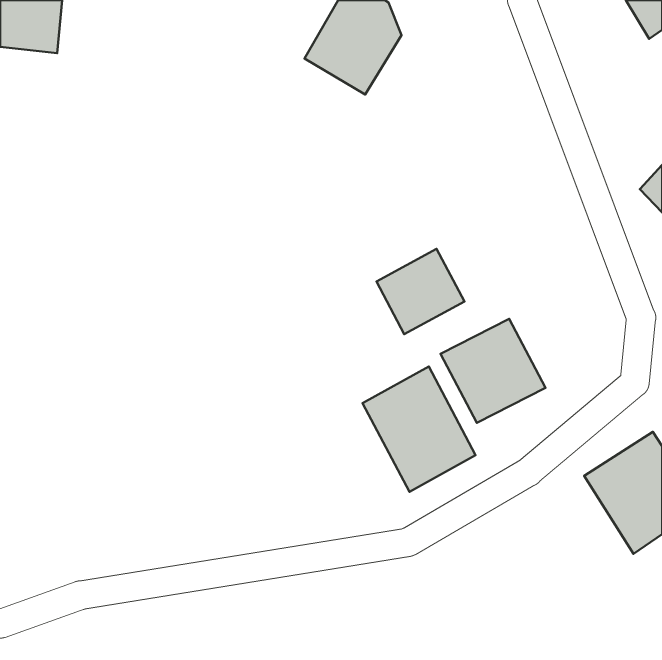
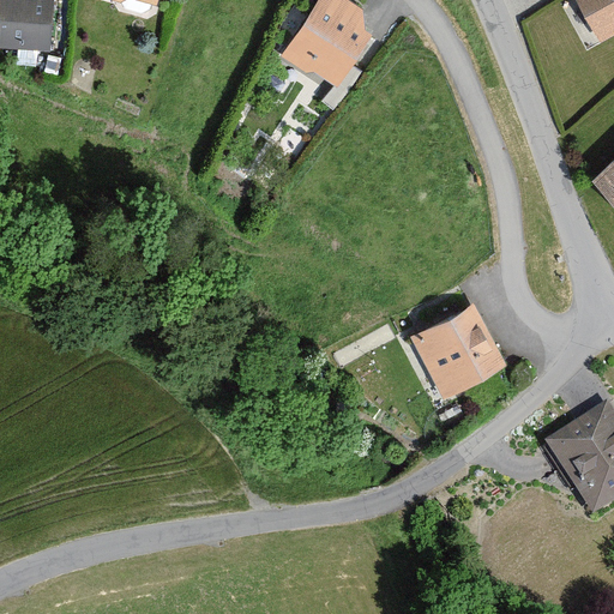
building: [377,249,464,334] -> none
building: [363,366,476,492] -> none

